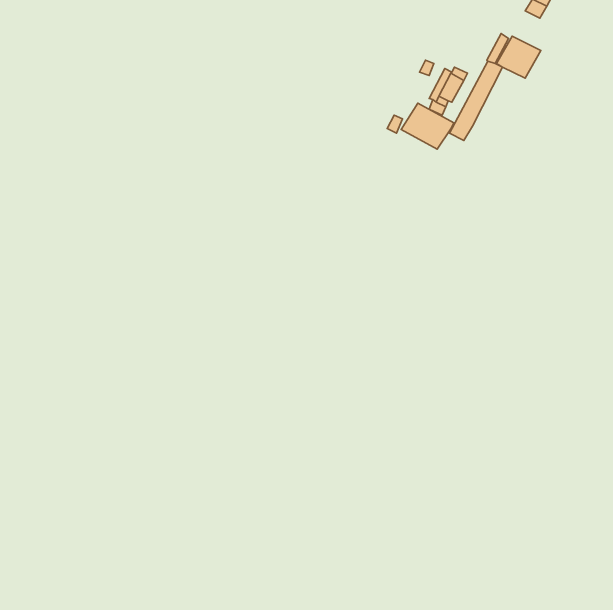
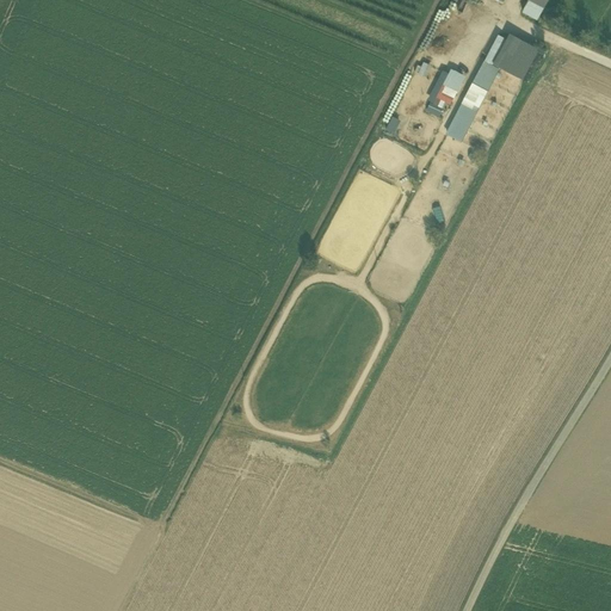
building: [401,103,454,149] -> none

